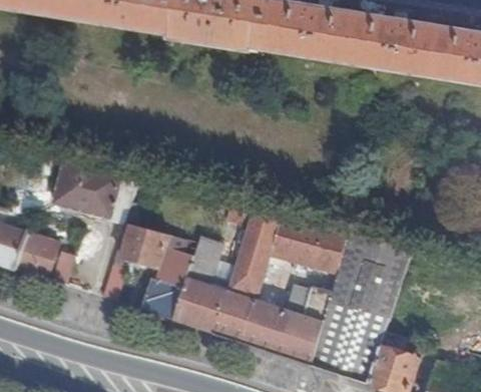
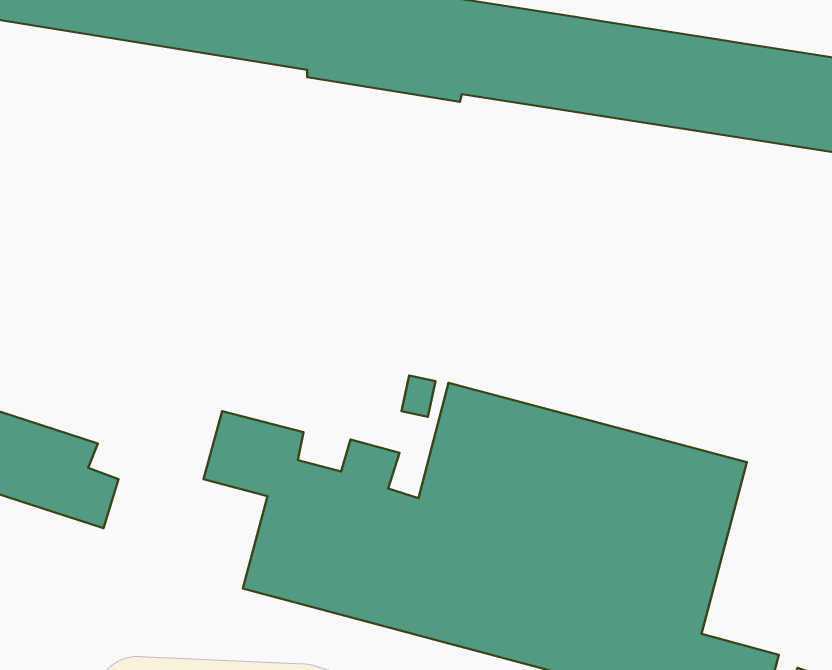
building: [51,157,124,217] -> none

